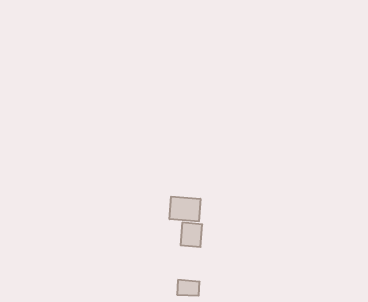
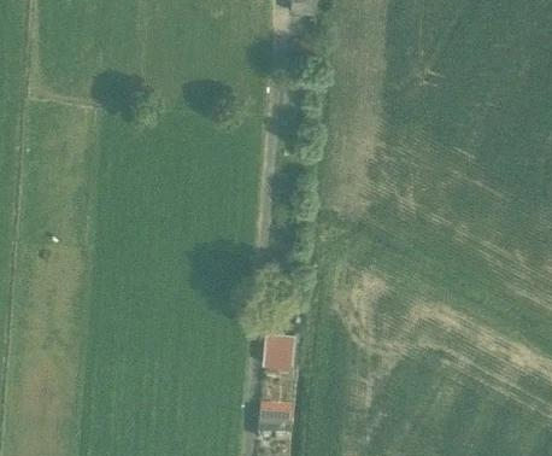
building: [170,197,200,221] -> none

